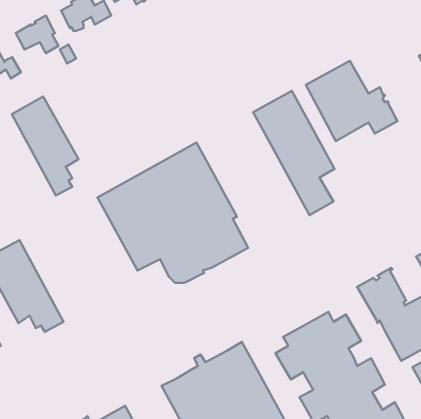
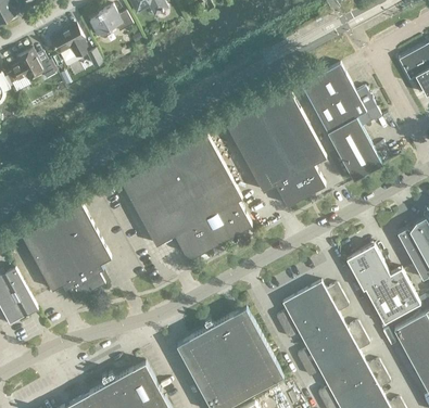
building: [12,96,78,196] -> [54,205,112,291]
building: none -> [227,110,305,207]
building: none -> [328,118,383,182]

